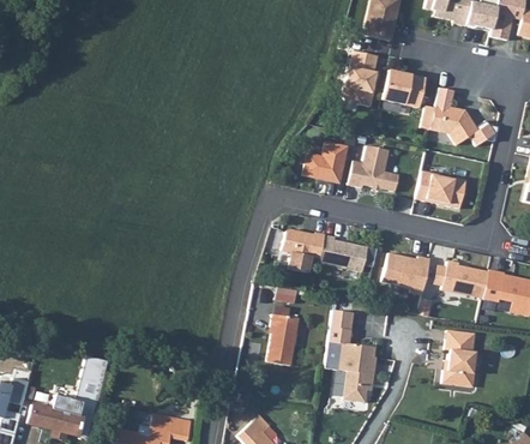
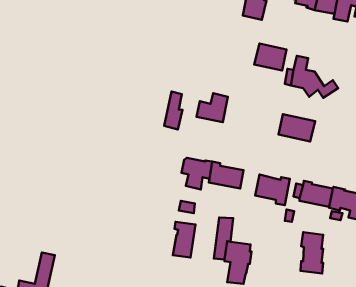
building: [342,50,377,106] -> none
building: none -> [164,92,182,130]
building: [345,144,396,190] -> none

